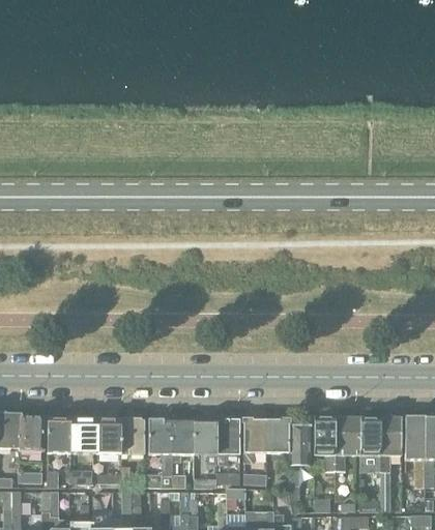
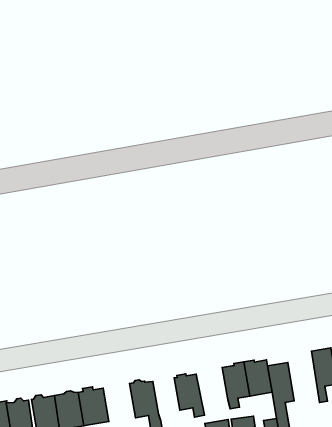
building: [121,416,144,453] -> none
building: [216,417,240,464] -> none
building: [315,418,336,471] -> none
building: [172,419,194,462] -> none

